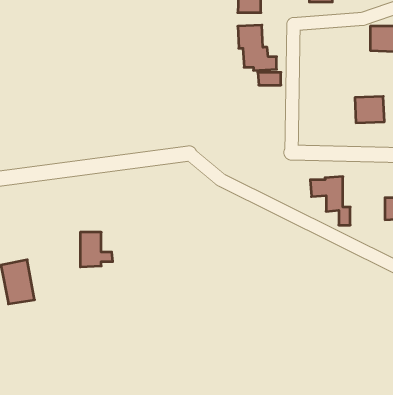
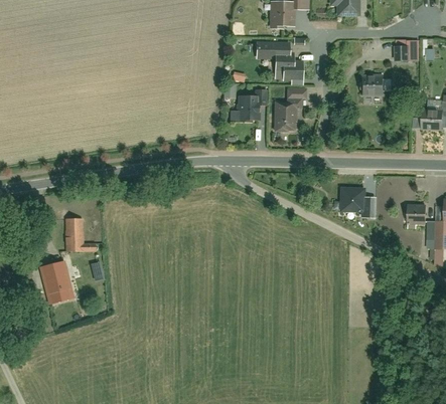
building: none -> [231,96,252,123]
building: none -> [274,100,295,132]
building: [355,96,384,123] -> [360,71,389,96]
building: [80,232,113,267] -> [64,220,96,253]

